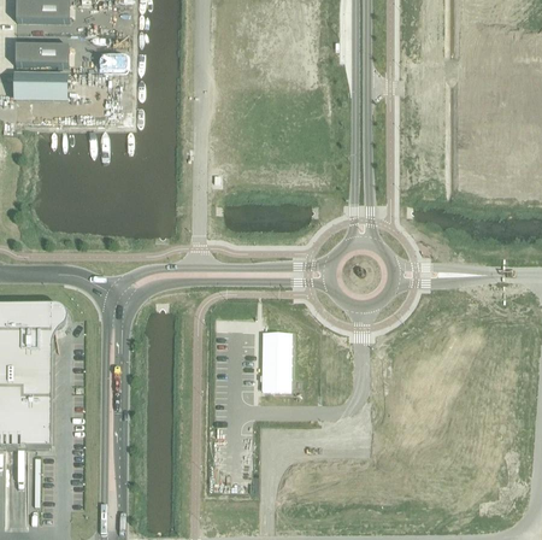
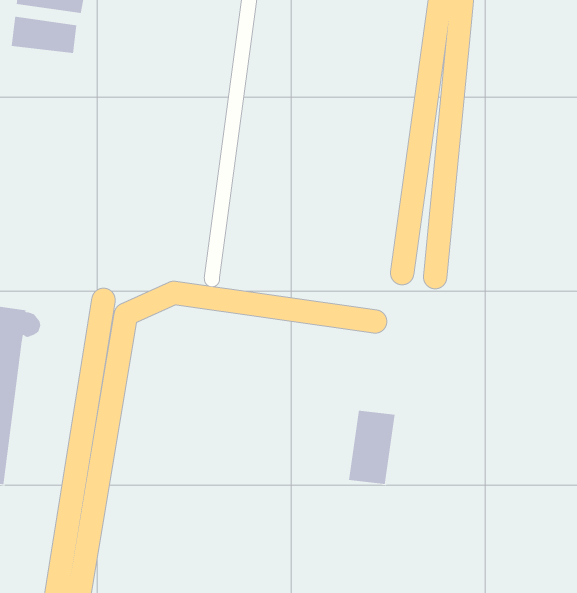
building: [260,331,291,388] -> [348,410,396,485]

